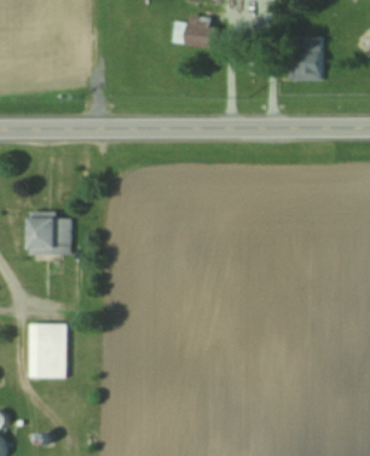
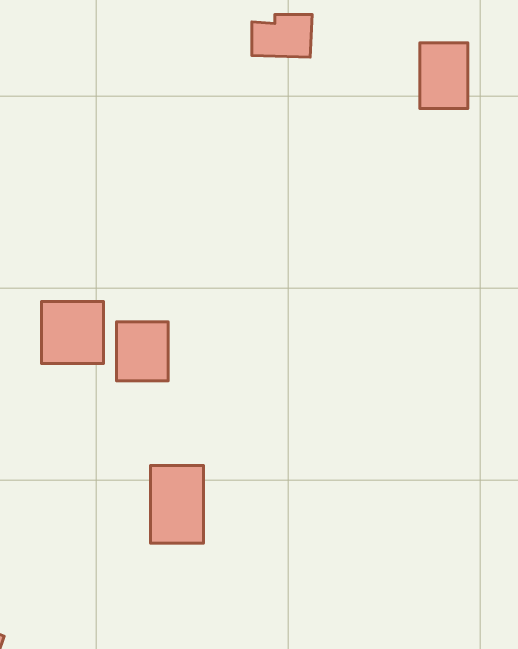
building: none -> [117,322,168,381]
building: [30,324,67,377] -> [150,465,203,543]

